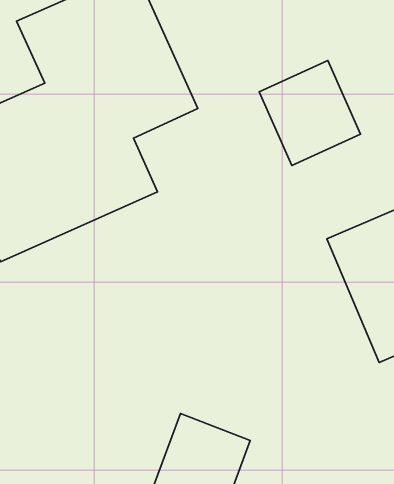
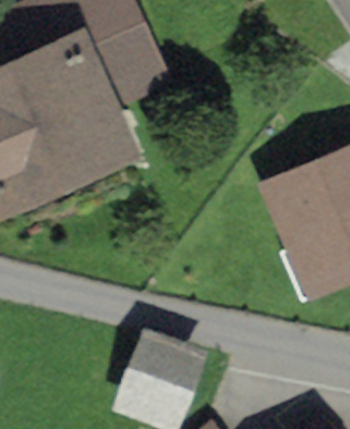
building: [259,60,361,166] -> none

